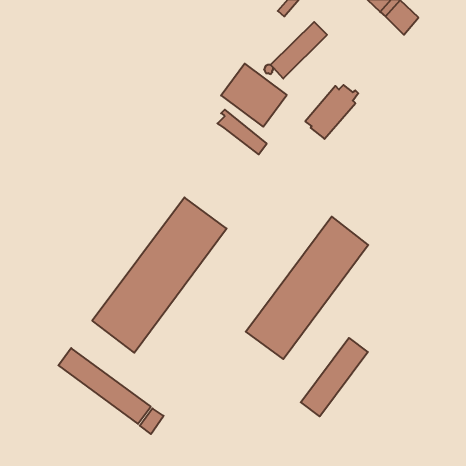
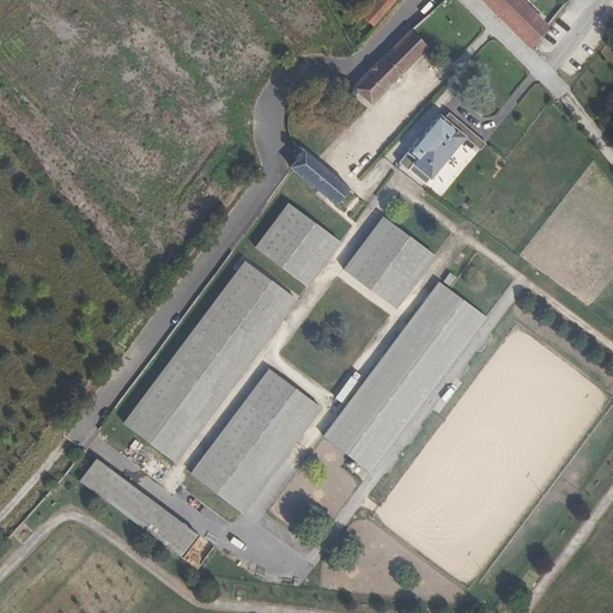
building: [221,64,287,127] -> [254,202,340,285]
building: none -> [342,216,435,309]
building: none -> [190,371,320,511]
building: [301,338,368,416] -> none

